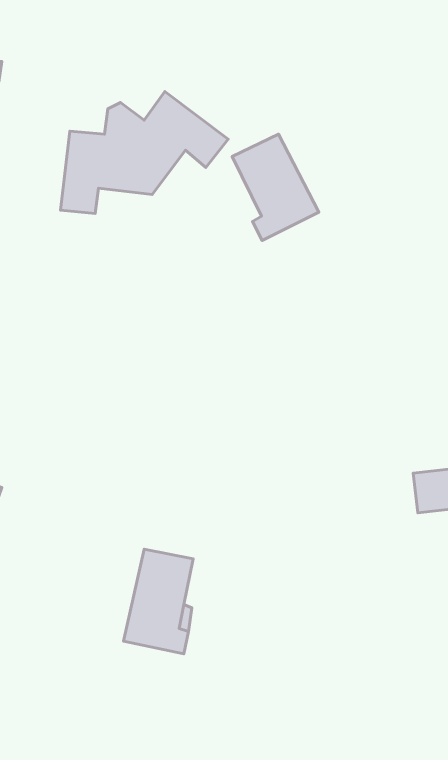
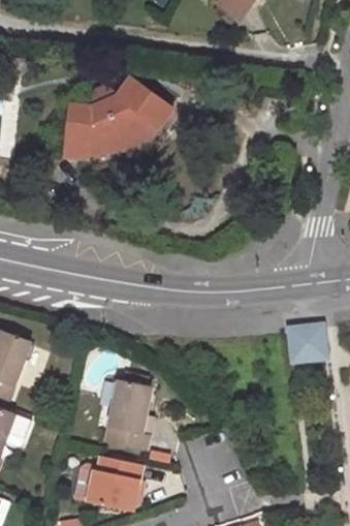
building: [232,134,319,241] -> none
building: none -> [70,456,138,510]

